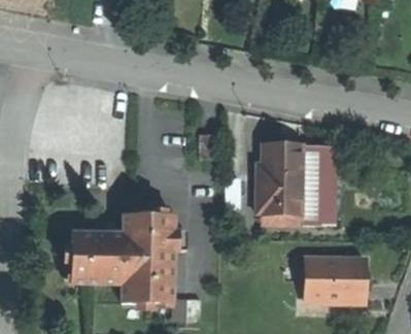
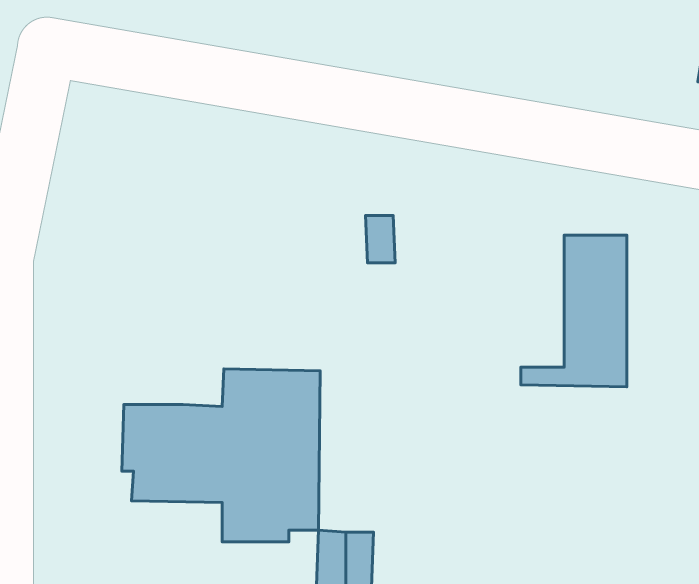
building: [258,143,303,212] -> none
building: [307,257,367,302] -> none

